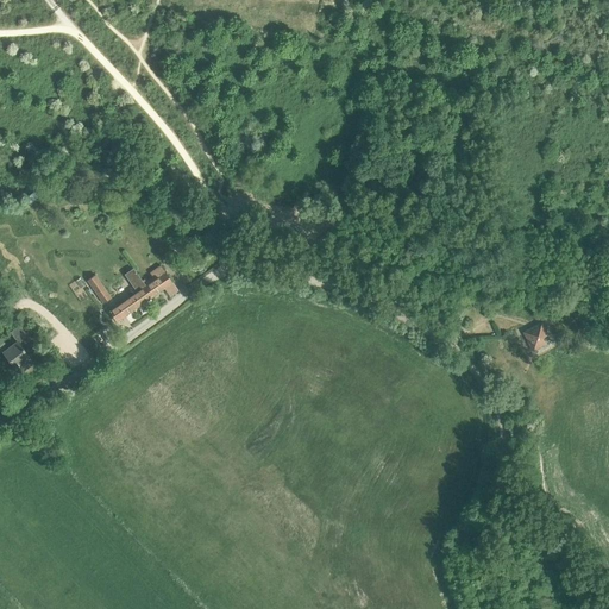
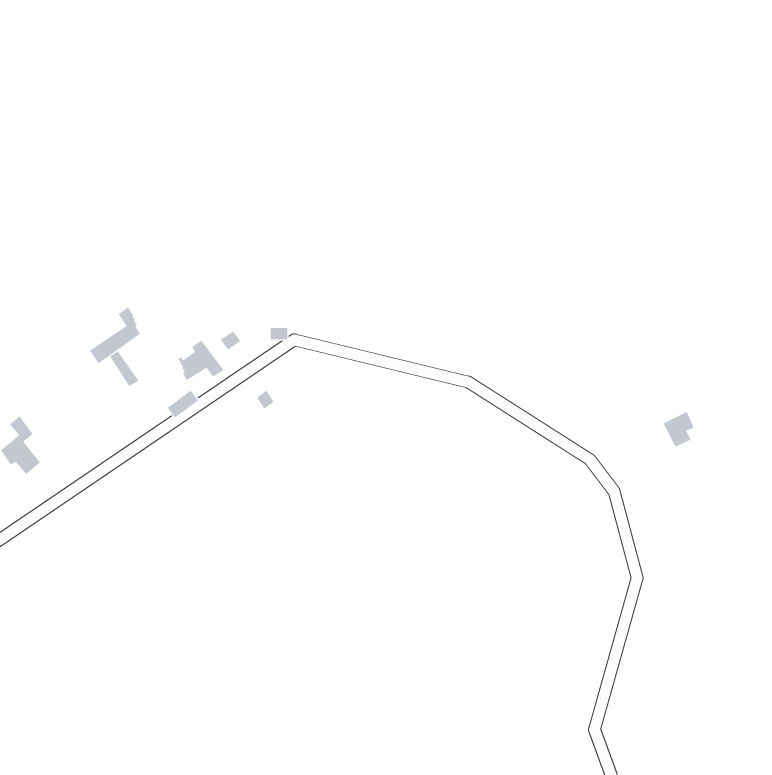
building: [106,277,146,322] -> [89,307,141,364]

